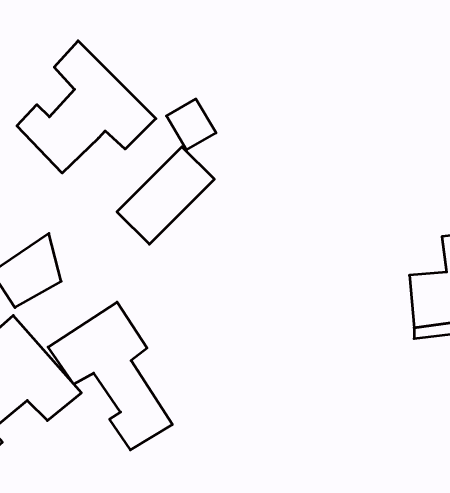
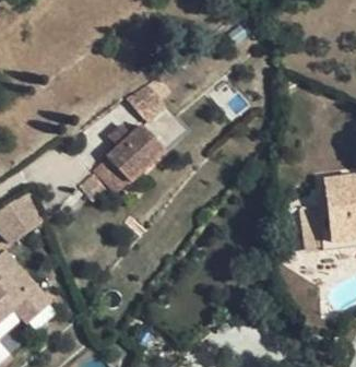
building: [17,41,156,173] -> none
building: [48,302,172,450] -> none

